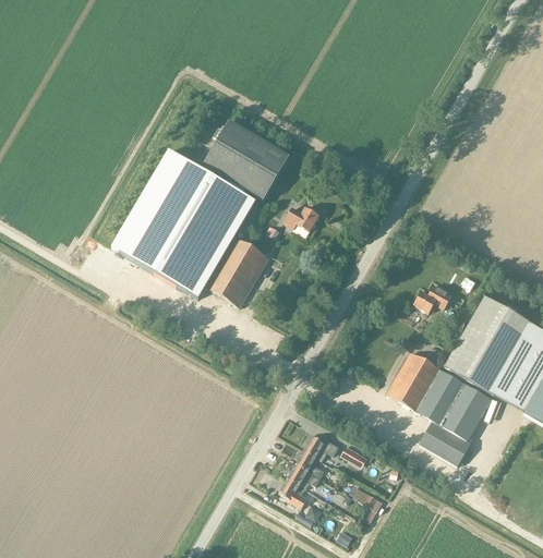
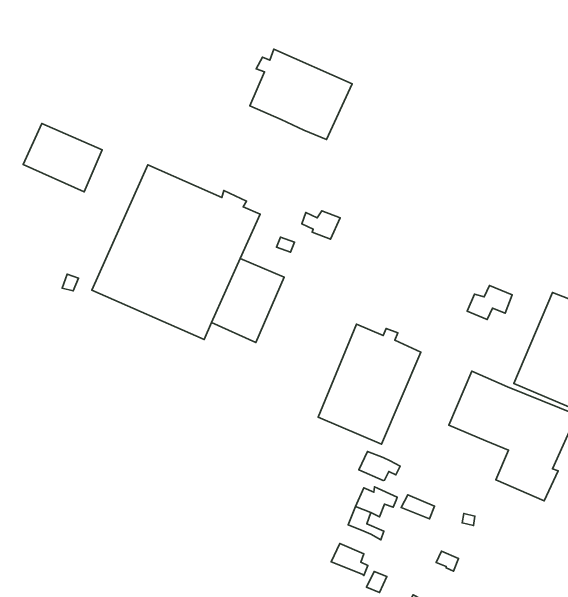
building: none -> [23,123,102,192]
building: [204,122,289,201] -> [250,49,352,139]
building: none -> [318,324,421,444]
building: [287,463,321,488] -> [359,451,400,480]

